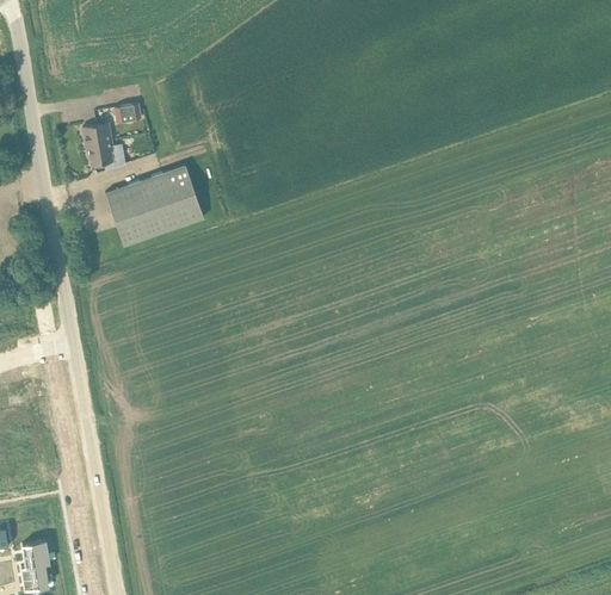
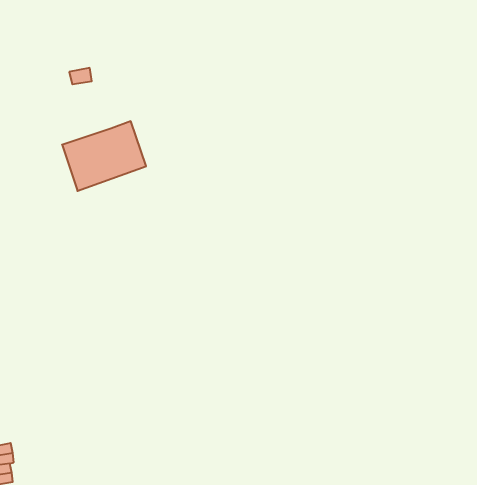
building: [82,123,125,171] -> none

